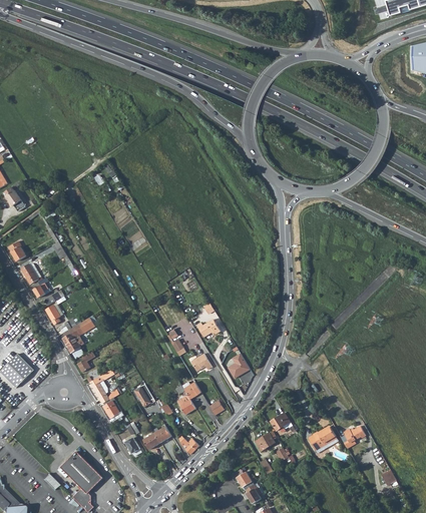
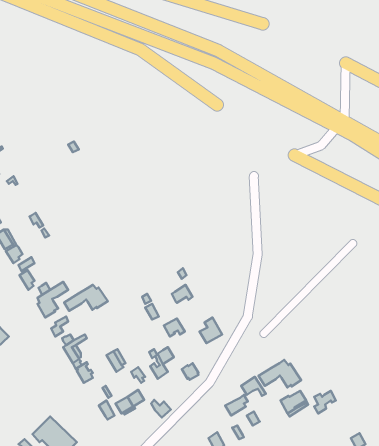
building: none -> [64,285,108,311]
building: none -> [259,360,301,388]

